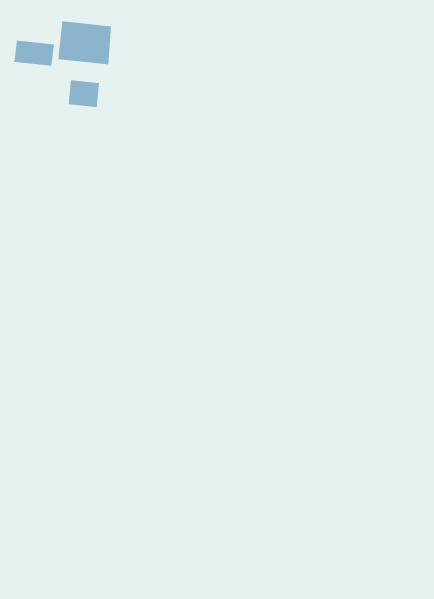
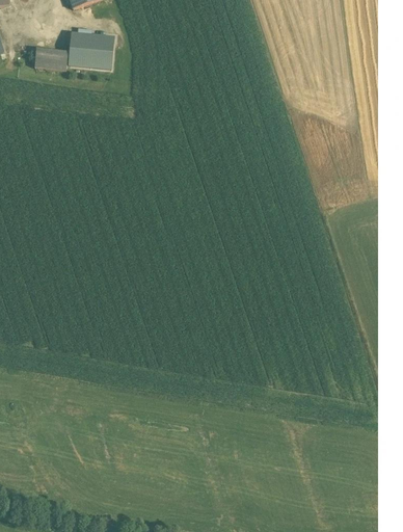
building: [68,80,100,108] -> none

